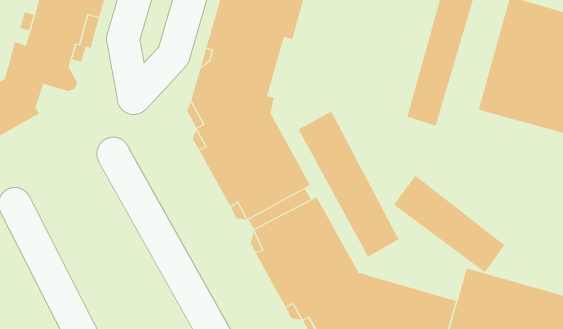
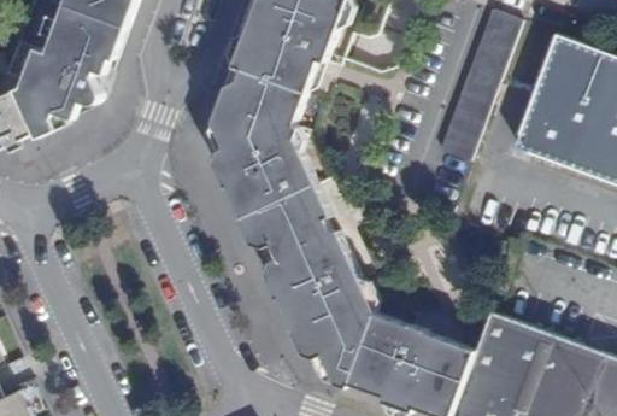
building: [298,111,399,258] -> none
building: [393,175,505,273] -> none

